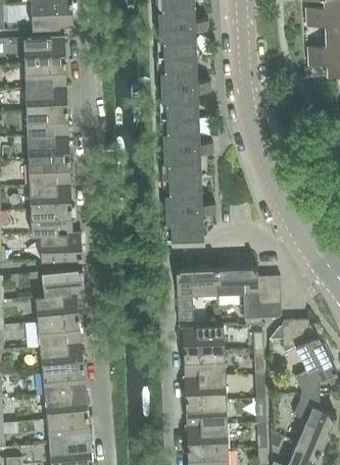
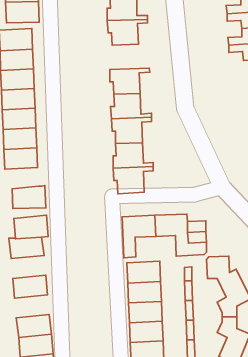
building: [159,56,209,88] -> none
building: [30,209,71,237] -> none
building: [38,318,81,347] -> none
building: [42,367,85,396] -> none

